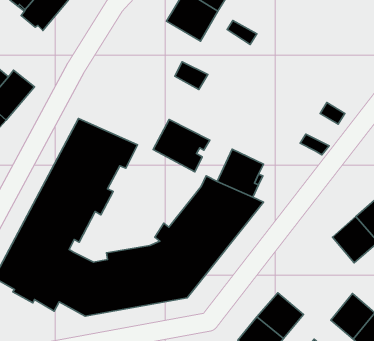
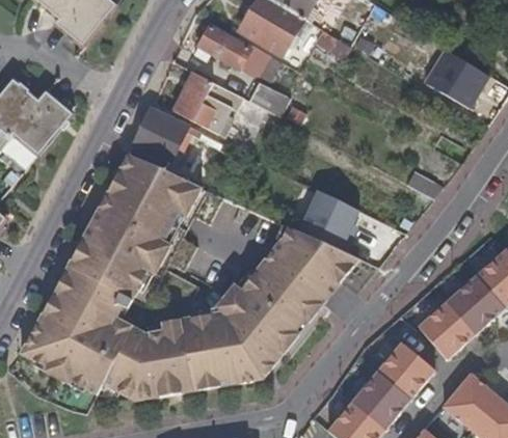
building: none -> [198,25,280,82]
building: none -> [420,44,486,106]
building: none -> [132,108,187,163]
building: [153,120,210,172] -> [172,72,243,137]
building: none -> [419,301,473,358]
building: none -> [377,341,433,398]

